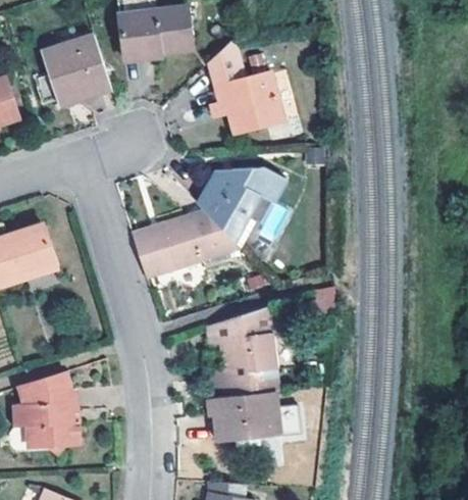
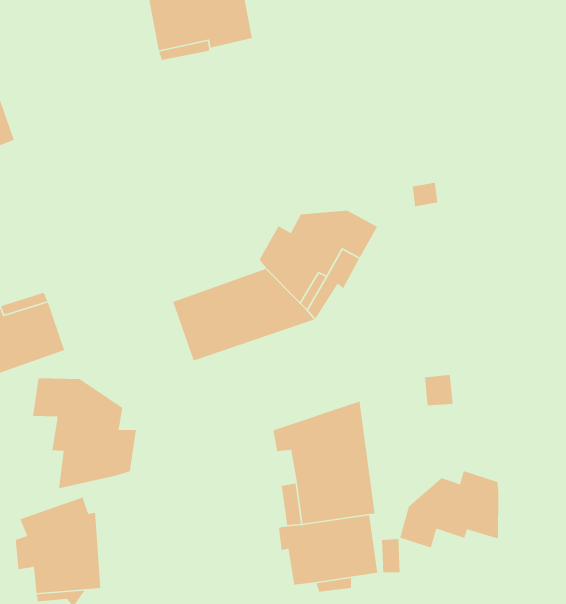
building: [210,33,280,130] -> none
building: [40,36,108,103] -> none
building: none -> [32,377,137,489]
building: none -> [399,470,499,548]

